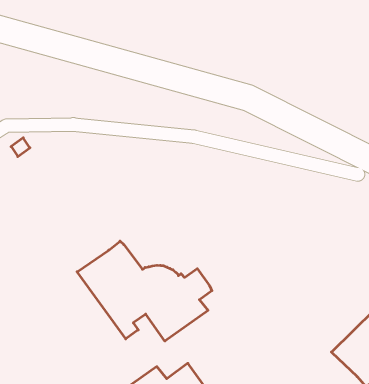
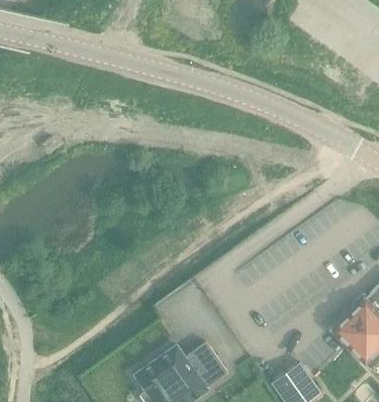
building: [77,241,212,341] -> none

